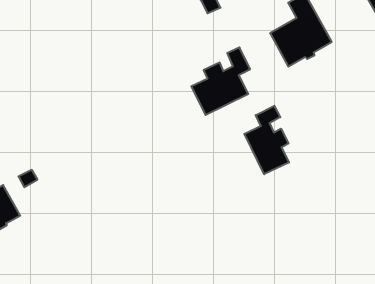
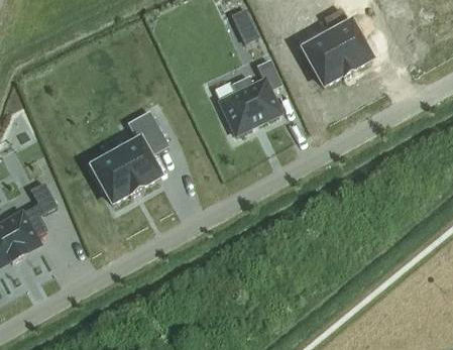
building: none -> [93,109,168,202]
building: [244,106,289,174] -> none

